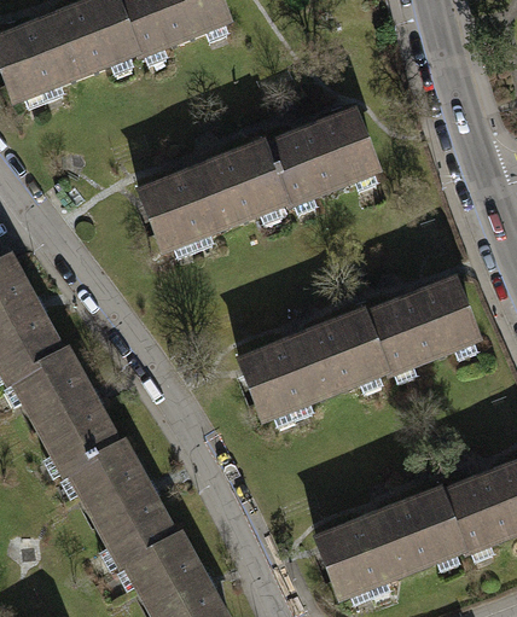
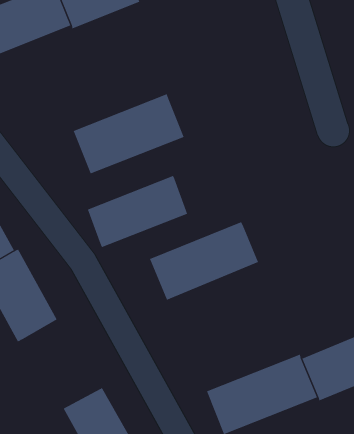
building: [267,113,378,204] -> none
building: none -> [87,175,188,248]
building: [366,280,477,373] -> none
building: [70,440,175,563] -> none

